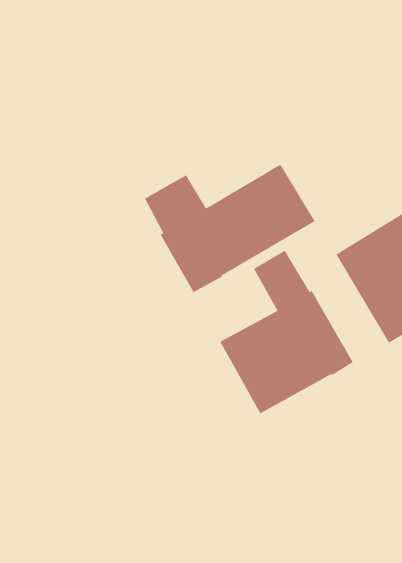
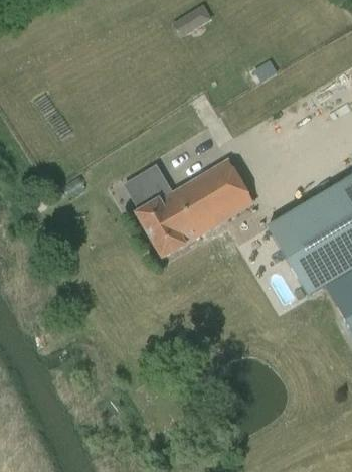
building: [220,250,354,414] -> none

